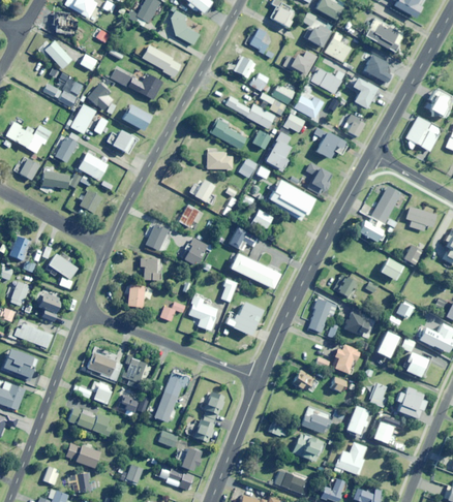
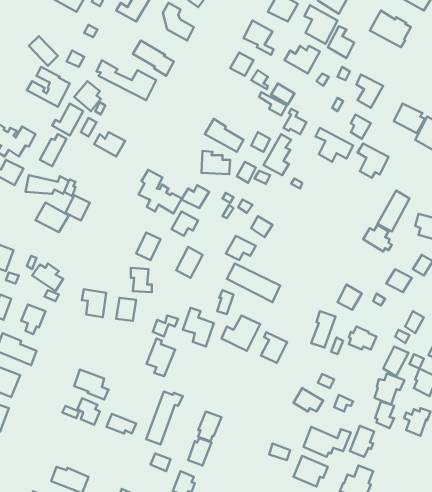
building: [53,12,79,35] -> none
building: [364,54,393,82] -> [394,103,425,133]
building: [294,95,324,119] -> none
building: [225,97,275,128] -> none
building: [122,104,151,130] -> none
building: [78,152,109,180] -> [36,202,69,232]
building: [306,162,335,194] -> [358,144,389,178]
building: none -> [139,170,182,213]
building: [269,180,315,221] -> none
building: none -> [82,289,106,317]
building: none -> [261,332,287,363]
building: [332,344,360,373] -> [375,374,404,404]
building: [120,352,147,387] -> [146,338,175,376]
building: [69,407,113,436] -> none
building: [373,417,397,445] -> none

